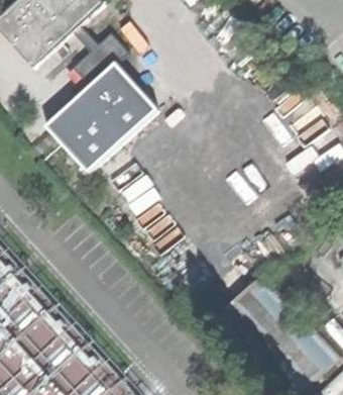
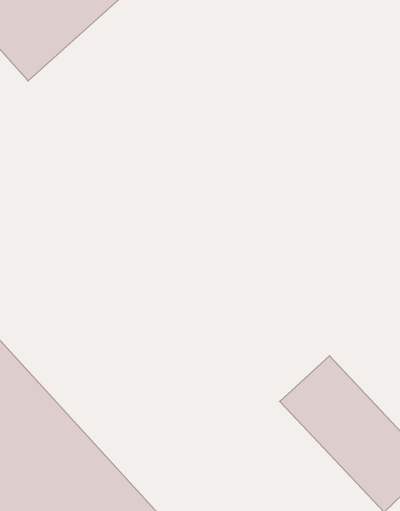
building: [44,66,153,173] -> none

